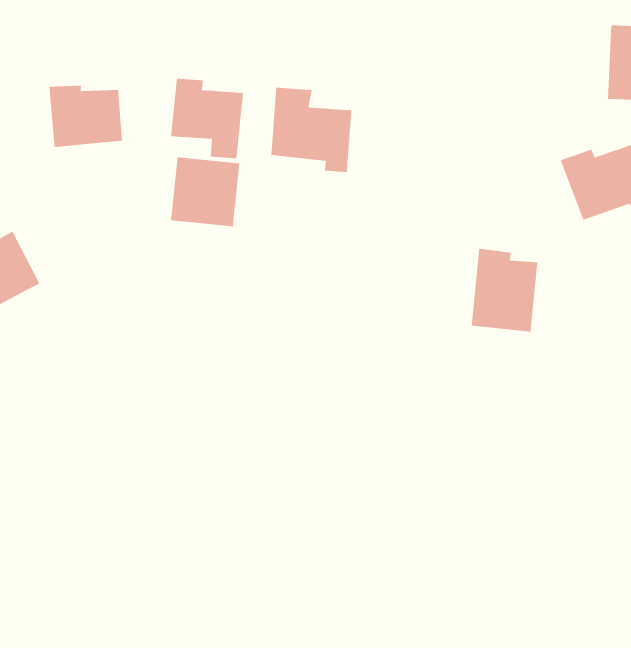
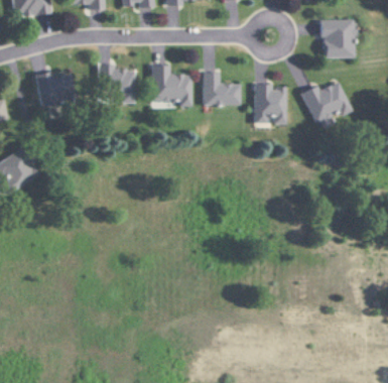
building: none -> [203,72,241,105]
building: [170,157,240,227] -> none
building: [471,248,538,332] -> [254,83,286,124]

